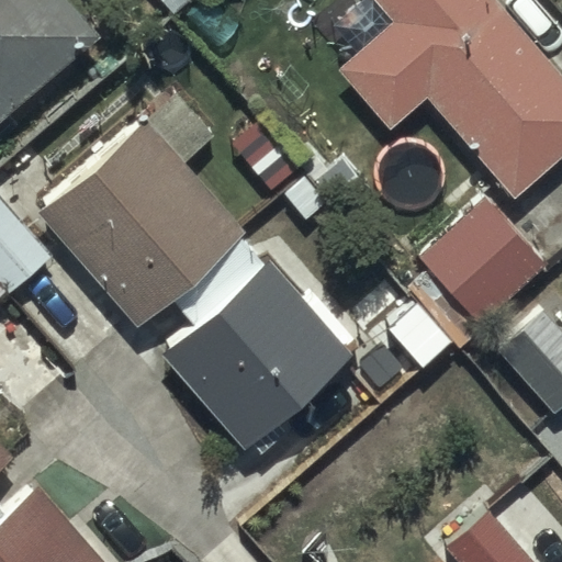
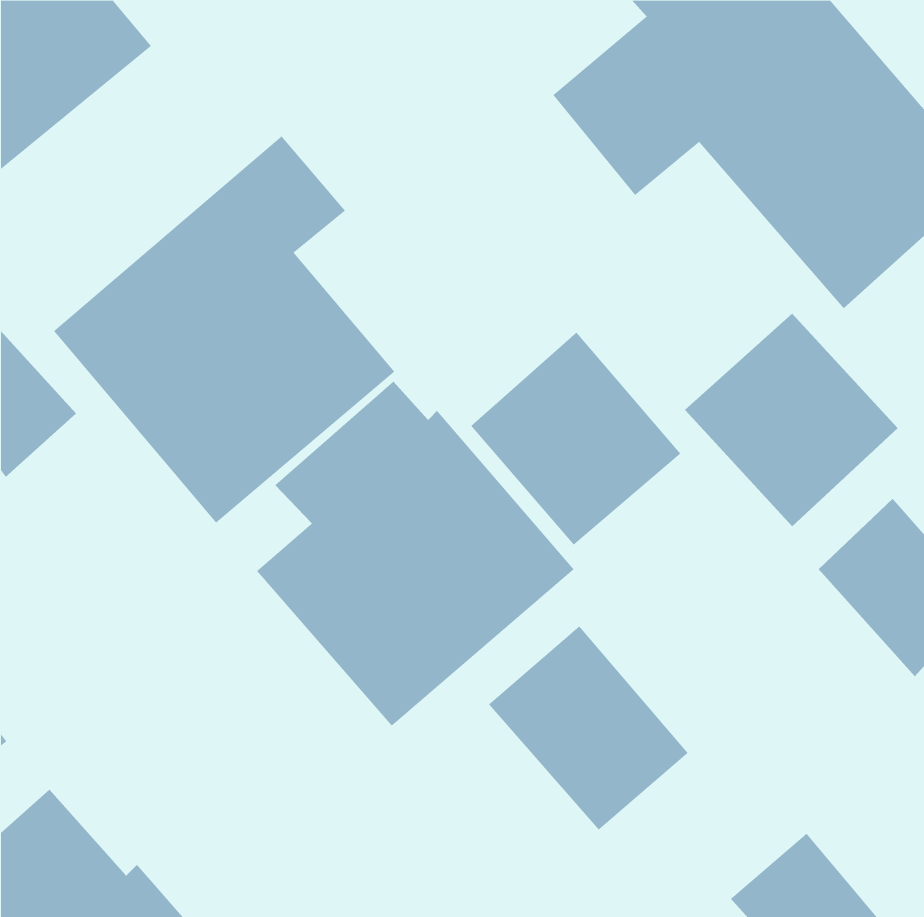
building: none -> [471,332,681,545]
building: none -> [488,626,688,831]

